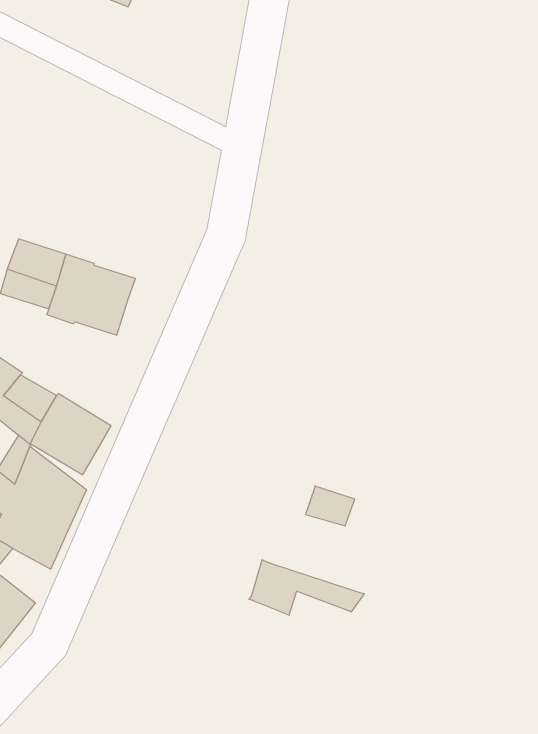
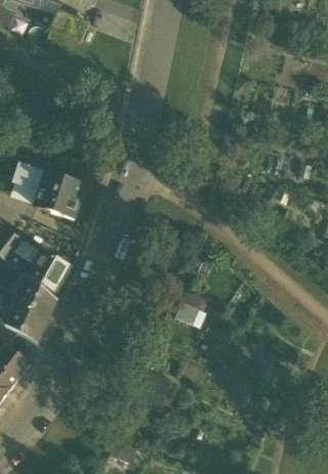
building: [249,560,364,615] -> none

